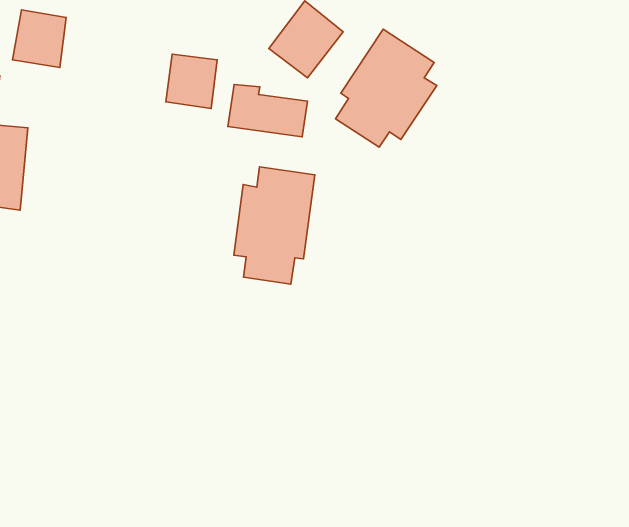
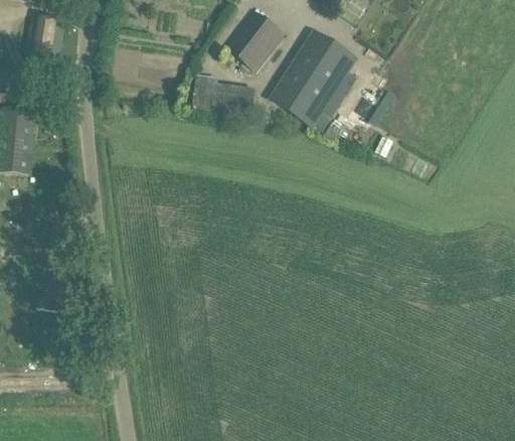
building: [166,54,217,108] -> none
building: [234,167,315,284] -> none

